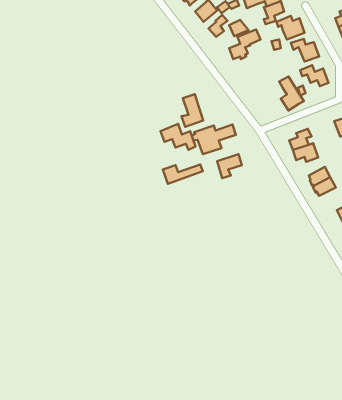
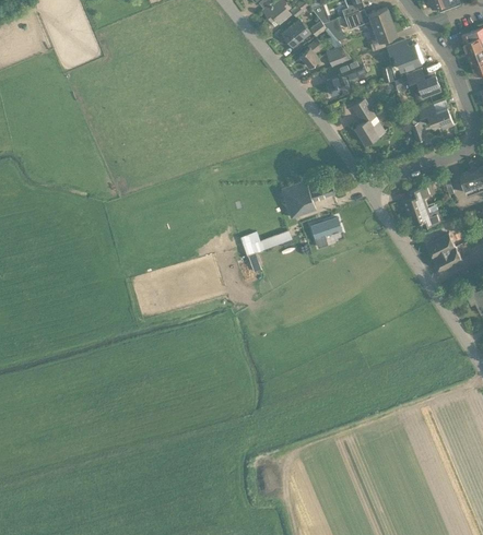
building: [279,77,304,111] -> [352,99,384,143]
building: [182,94,203,127] -> none
building: [161,124,195,150] -> none

